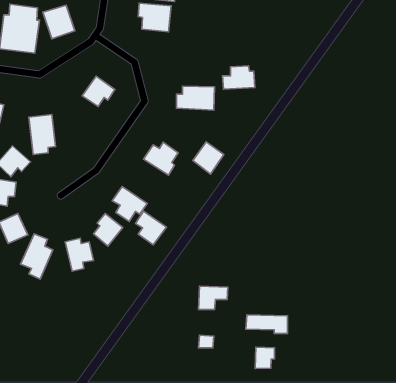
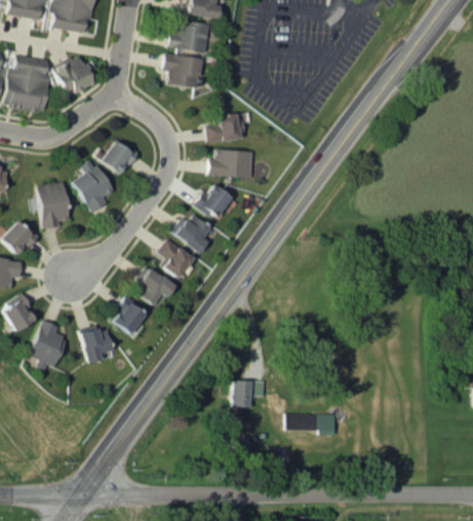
building: [223,66,255,89] -> [207,115,244,142]
building: none -> [73,159,114,212]
building: [193,142,224,174] -> [196,183,232,219]
building: [135,211,167,245] -> [158,239,194,278]
building: [255,347,275,369] -> none

